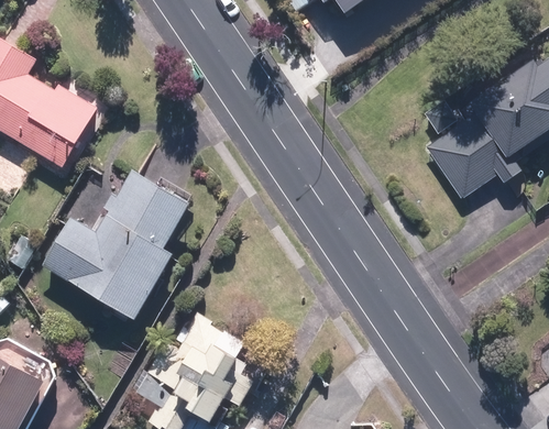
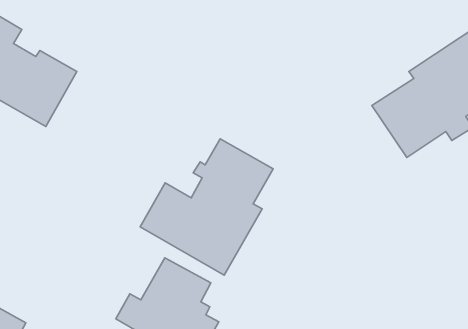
building: [41,169,187,319] -> [140,139,273,275]

